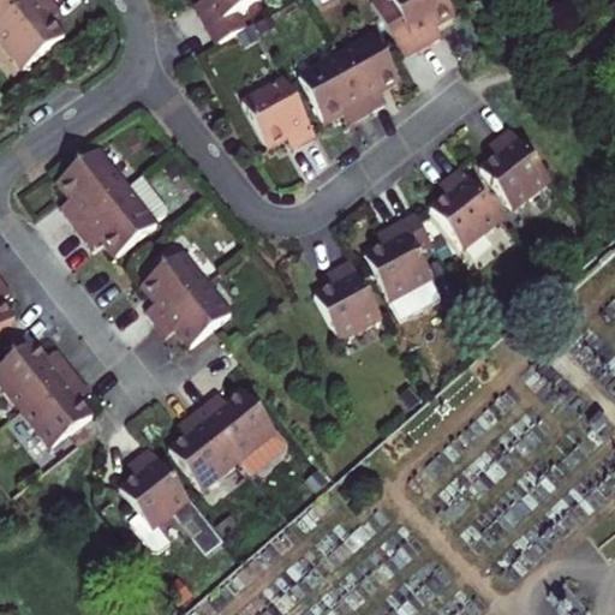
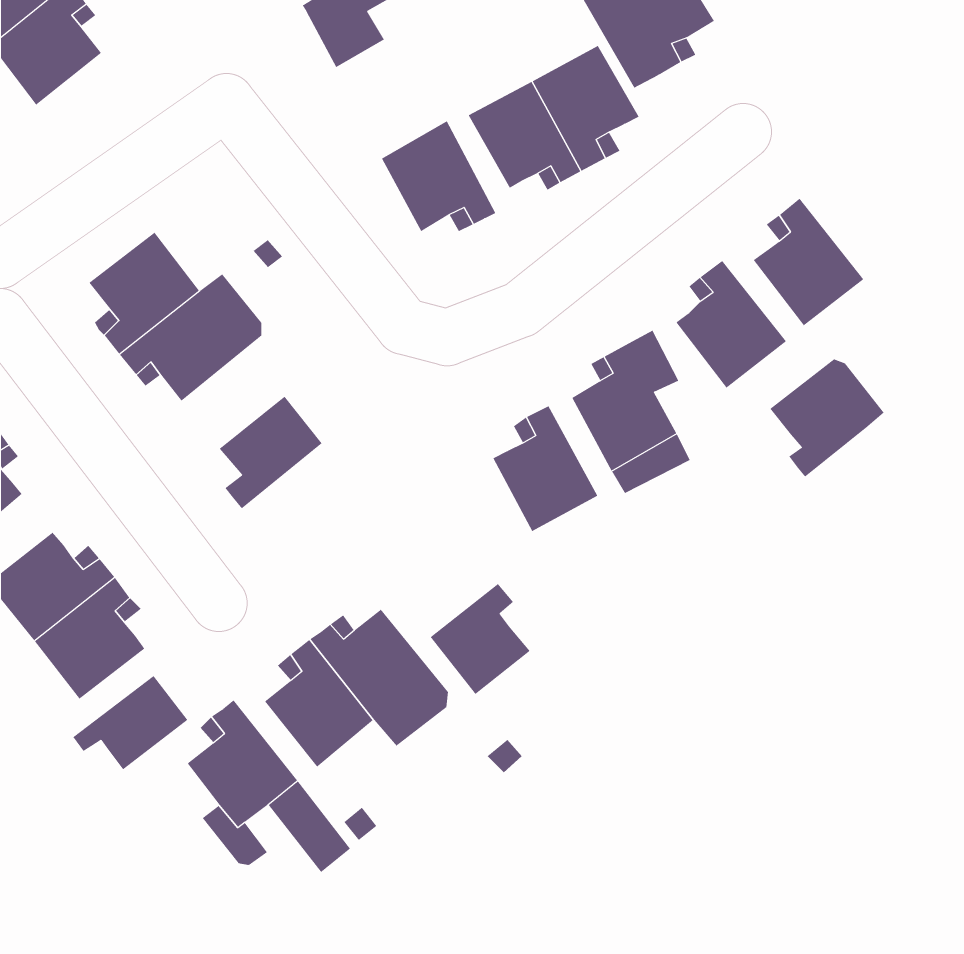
building: none -> [769,359,884,478]
building: [154,282,229,347] -> none
building: none -> [430,583,531,695]
building: none -> [72,675,188,770]

